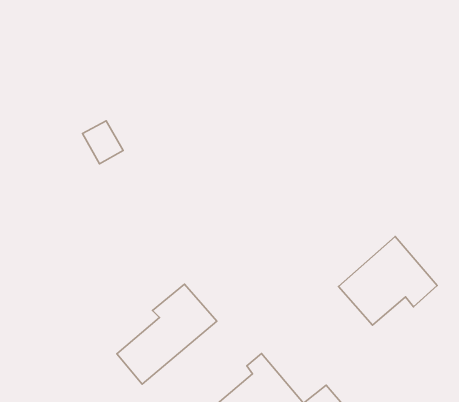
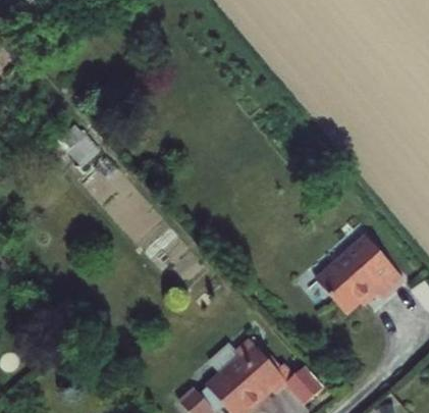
building: [117,284,217,384] -> none

